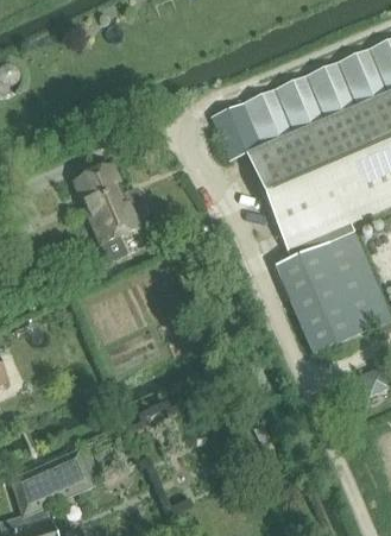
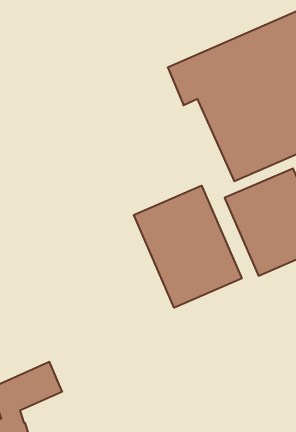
building: [74,165,143,261] -> none
building: none -> [134,186,242,308]

